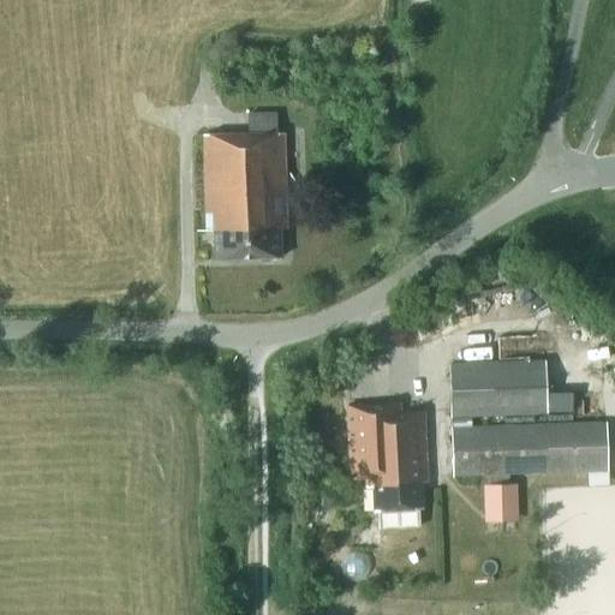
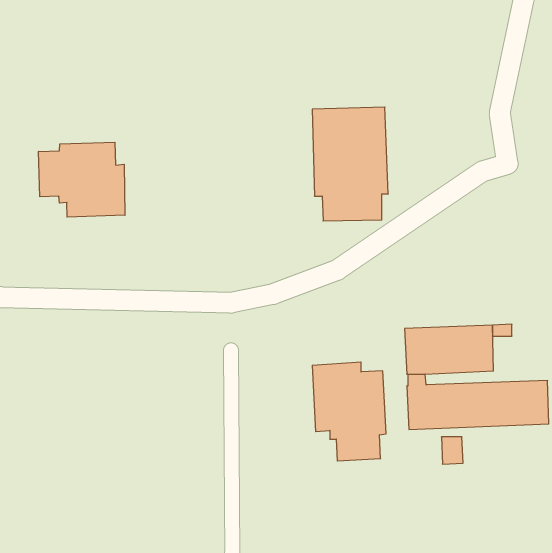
building: [205,132,289,258] -> [312,107,388,221]
building: none -> [39,142,125,217]

